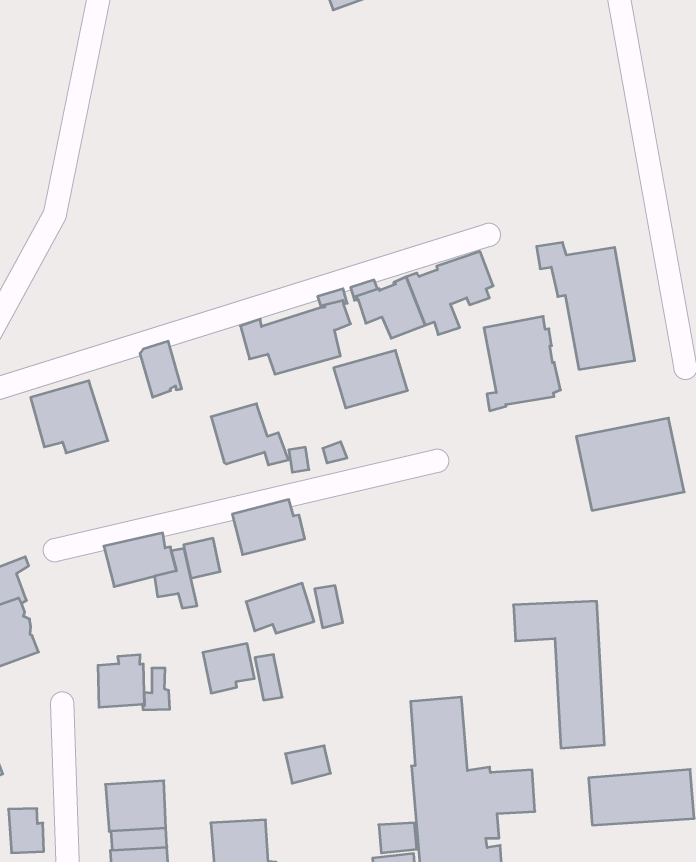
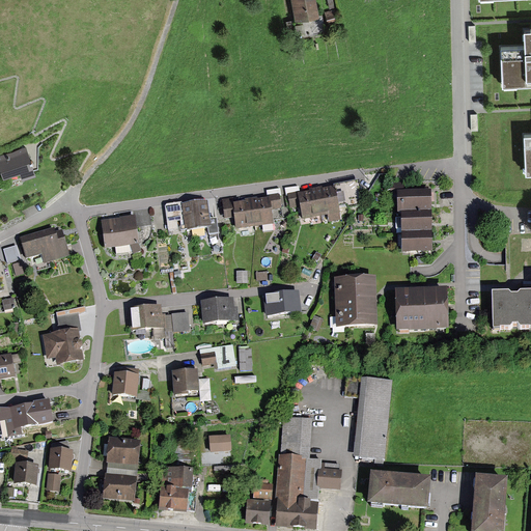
building: [484,316,561,411] -> [332,278,372,325]
building: [334,350,408,408] -> [262,288,301,315]
building: [211,404,288,465] -> [180,198,219,232]

